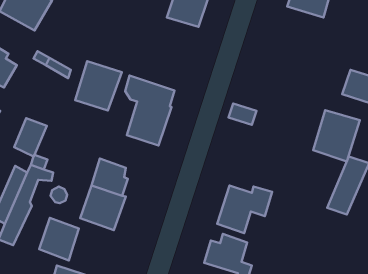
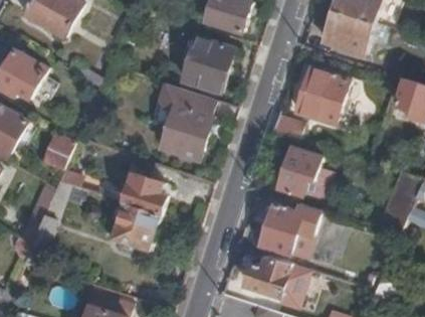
building: none -> [325,10,374,53]
building: [75,61,122,110] -> [183,38,233,92]
building: [313,110,360,161] -> [296,68,347,124]
building: none -> [278,147,320,195]
building: [39,218,79,260] -> none

